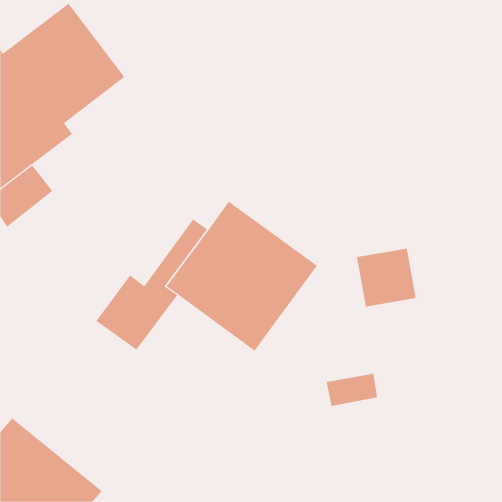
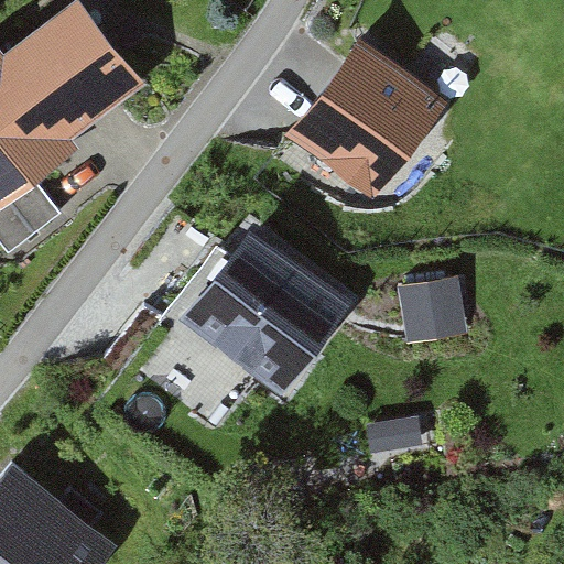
building: none -> [289,41,445,199]

